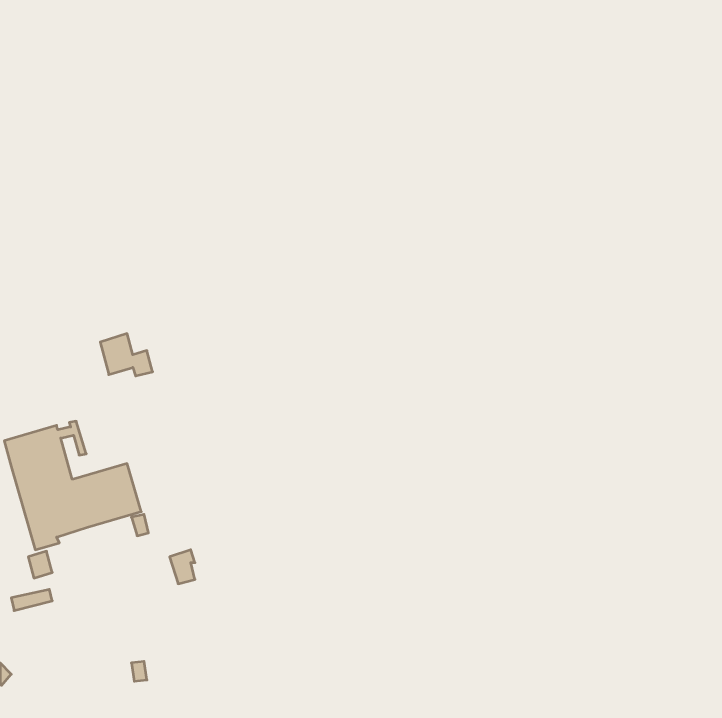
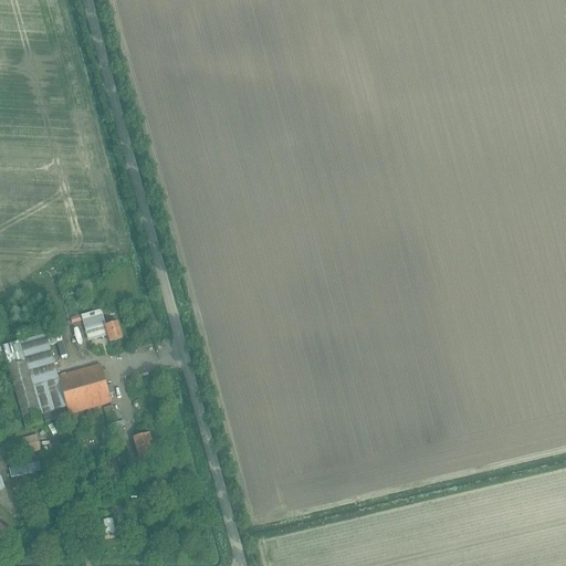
building: [100,334,153,376] -> [81,306,122,339]

